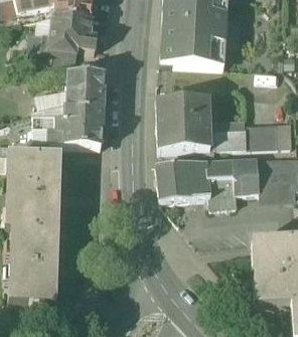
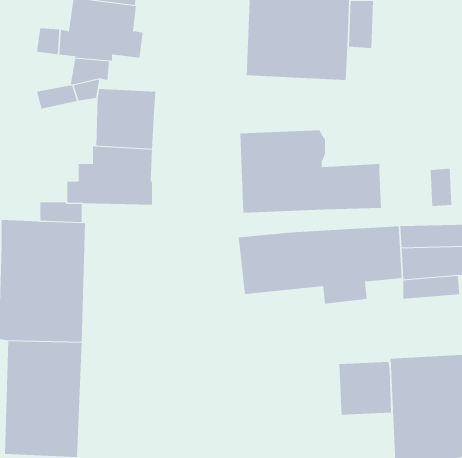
building: [31,108,64,143] -> none
building: [246,123,278,147] -> none
building: none -> [339,361,391,416]

